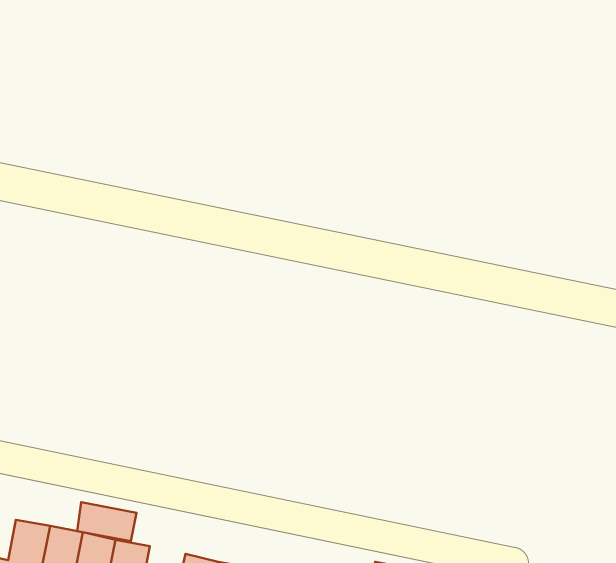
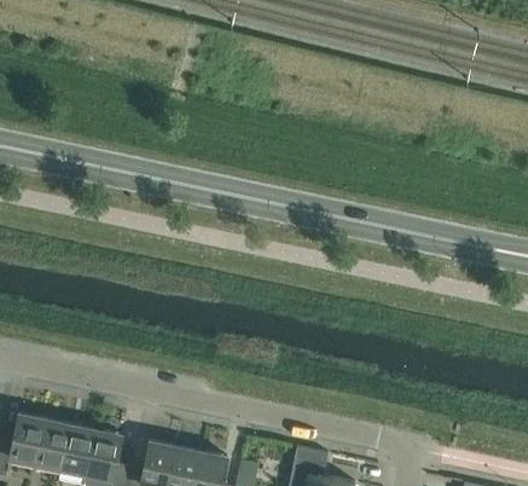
building: [77,502,136,541] -> none

